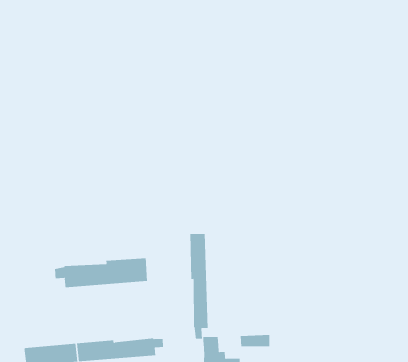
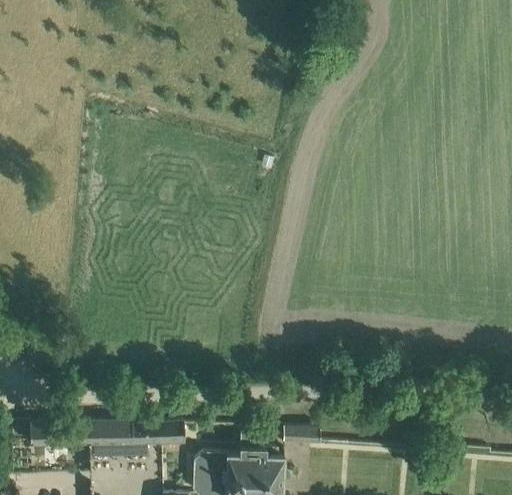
building: [190,233,208,339] -> none
building: [54,257,147,288] -> none

